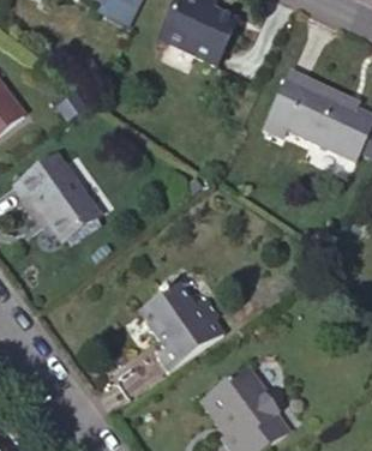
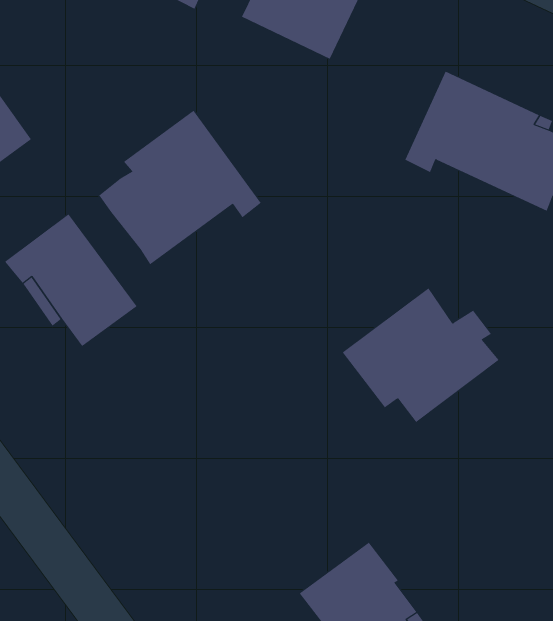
building: none -> [98,110,262,265]
building: [136,271,238,359] -> [342,288,499,423]

